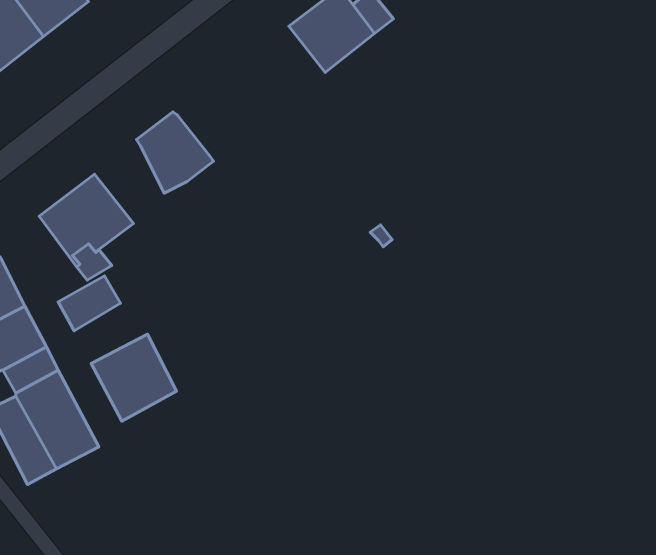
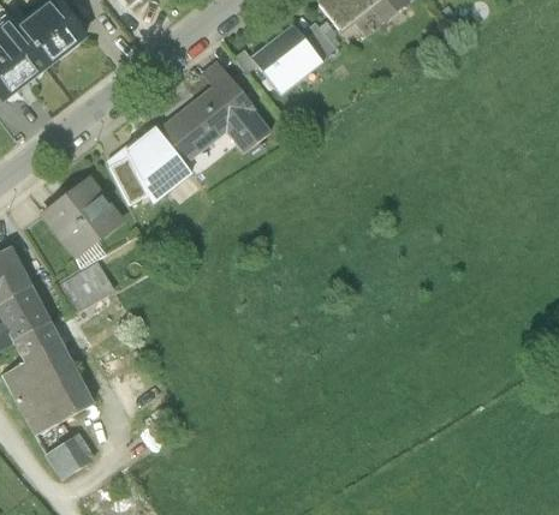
building: none -> [159,61,270,162]
building: none -> [111,155,148,203]
building: [91,334,176,421] -> none
building: none -> [47,437,89,475]

